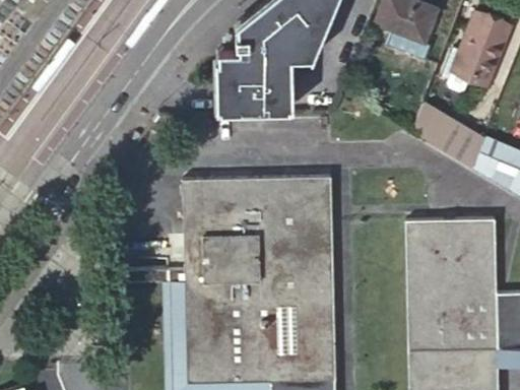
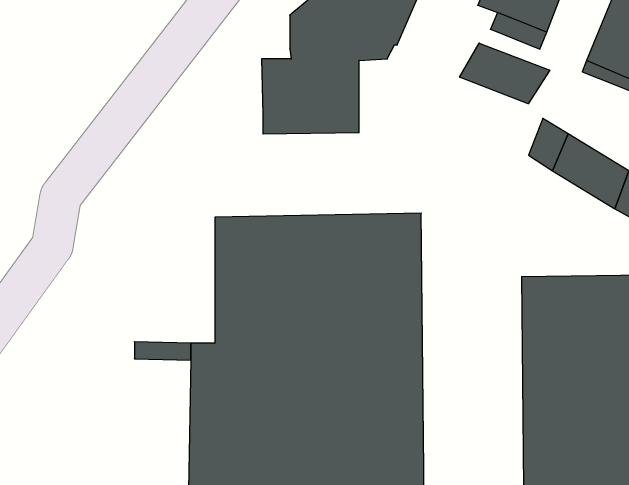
building: none -> [460,43,550,104]

